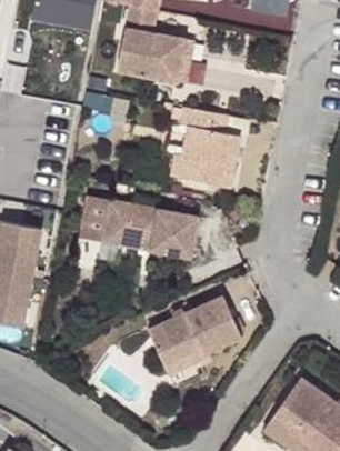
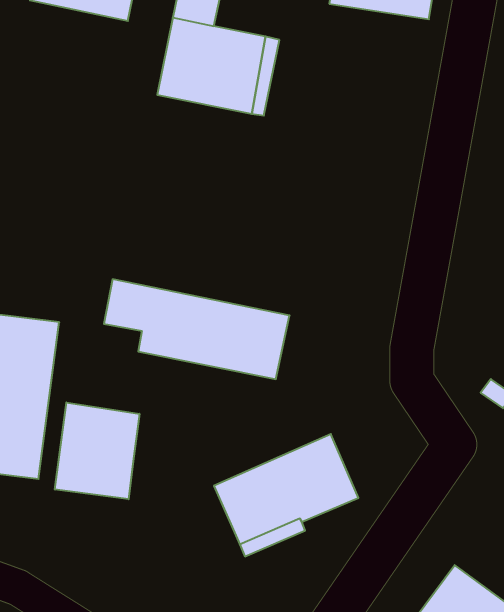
building: [169,108,240,189] -> none
building: none -> [55,402,139,499]

